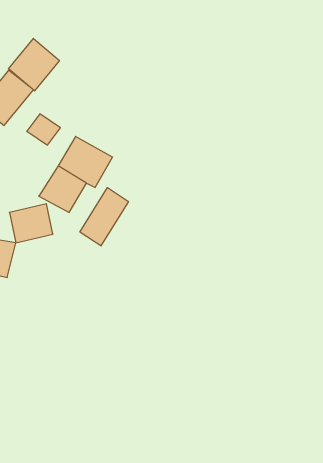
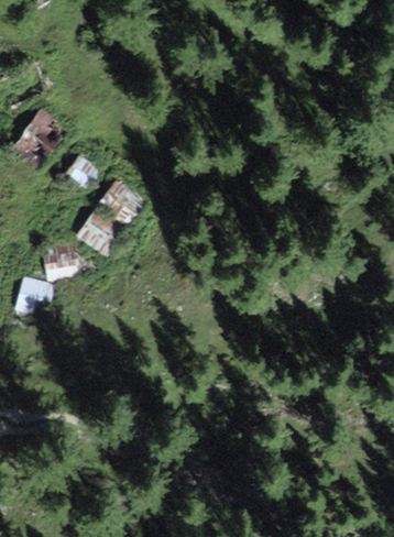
building: [8,38,59,91] -> none
building: [80,188,128,246] -> none

